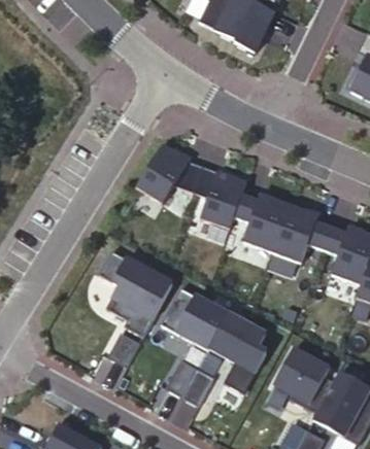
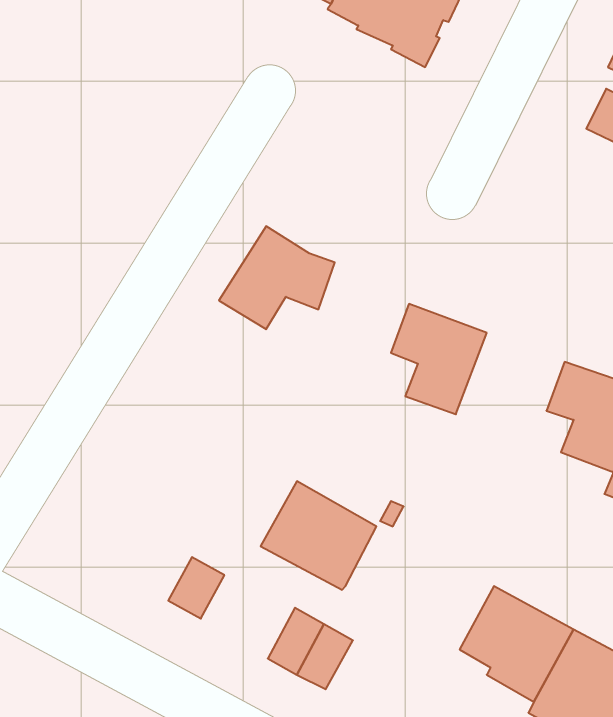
building: [194,164,247,228] -> none
building: [272,204,334,262] -> none
building: [95,249,172,336] -> none
building: [209,314,266,394] -> none

